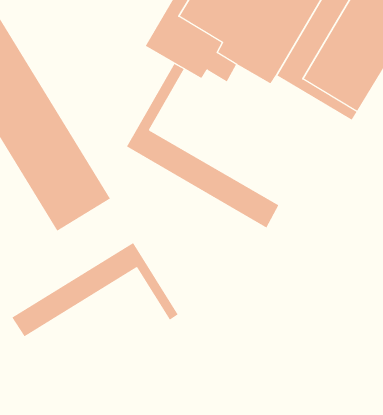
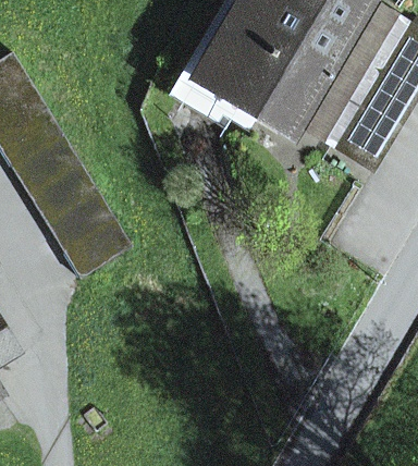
building: [126,63,279,229] -> none
building: [11,242,178,337] -> none

